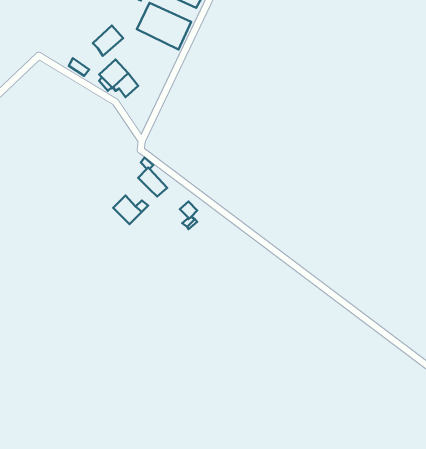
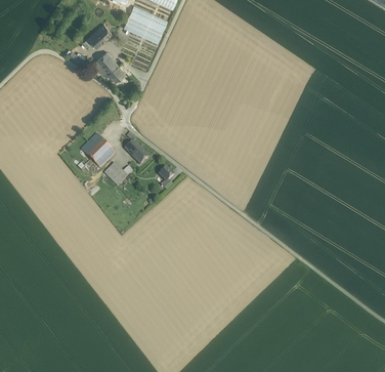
building: none -> [81,133,115,169]

